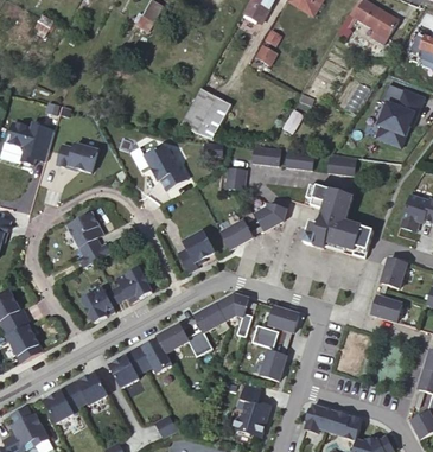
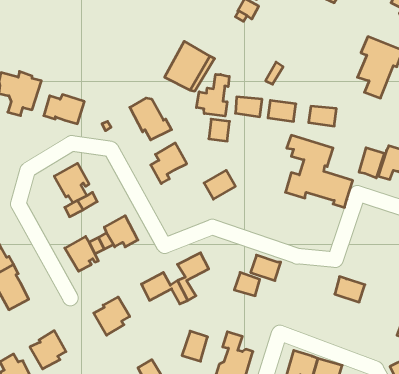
building: none -> [196,74,229,116]
building: [255,203,286,230] -> none
building: [179,229,216,270] -> [151,143,187,184]
building: [381,257,407,288] -> [359,148,385,178]
building: [217,294,251,337] -> none
building: [371,295,402,322] -> [335,277,365,302]
building: [133,338,172,373] -> none
building: [260,350,286,381] -> [182,331,208,361]
building: [68,373,108,405] -> none

